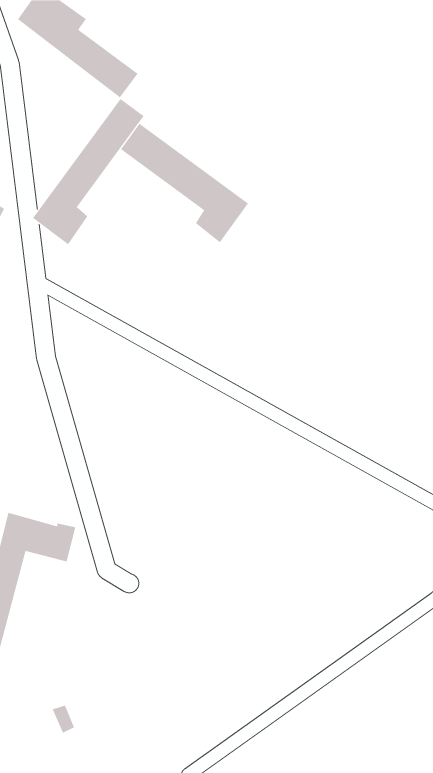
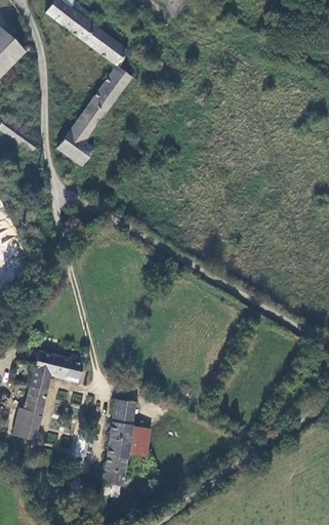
building: [120,123,249,243] -> none
building: none -> [102,400,149,486]

